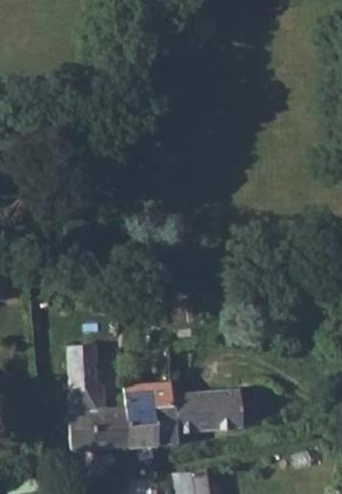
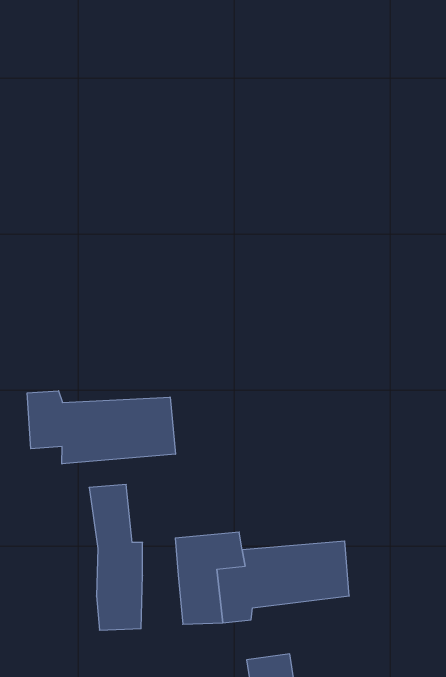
building: none -> [27,391,175,464]
building: [102,412,131,449] -> none

